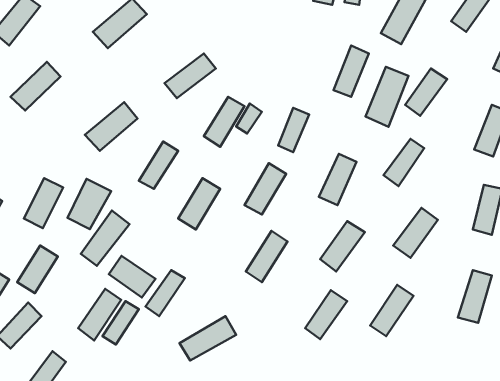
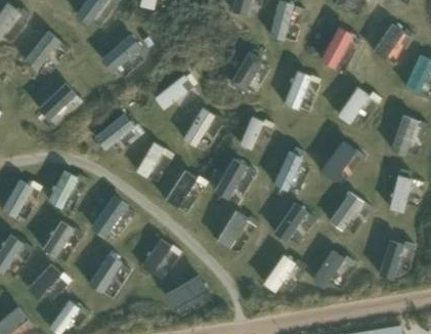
building: none -> [231,52,264,92]
building: [366,67,408,127] -> none
building: [67,179,111,229] -> none
building: [109,256,156,298] -> none

